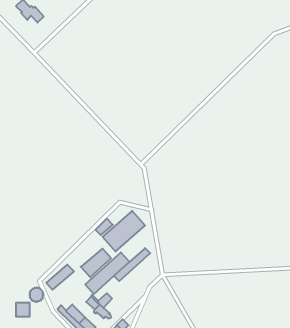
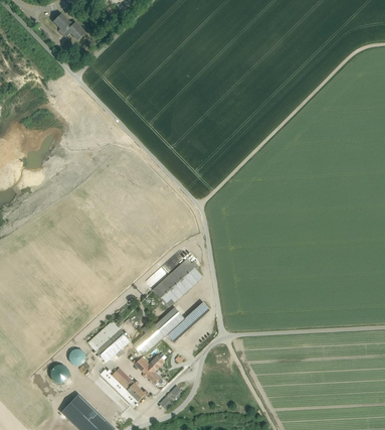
building: [81,249,111,277] -> [94,329,130,363]

